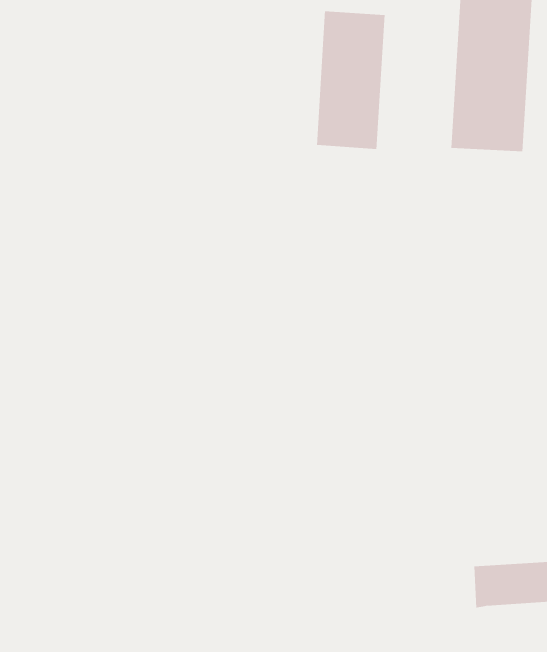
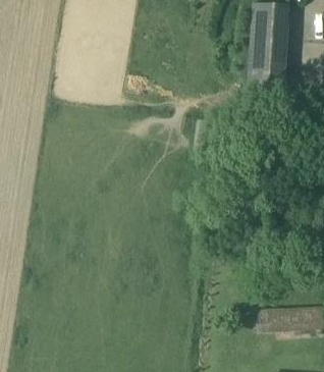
building: [316,10,385,150] -> none

